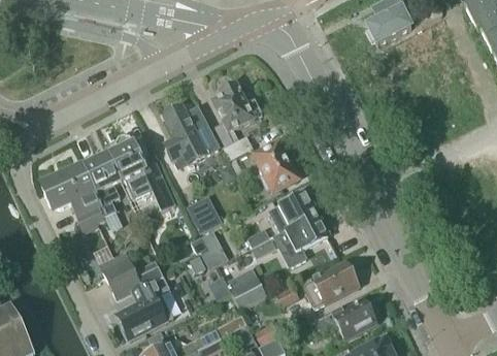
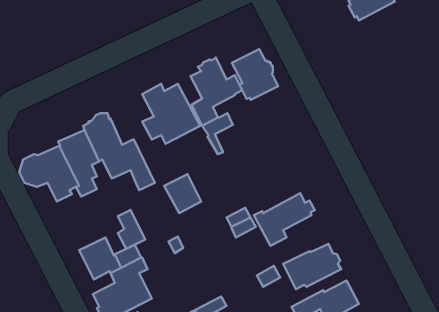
building: [252,141,297,191] -> [232,49,278,100]
building: [270,190,319,233] -> none
building: [201,230,228,268] -> [118,210,145,249]
building: [229,273,266,309] -> none

